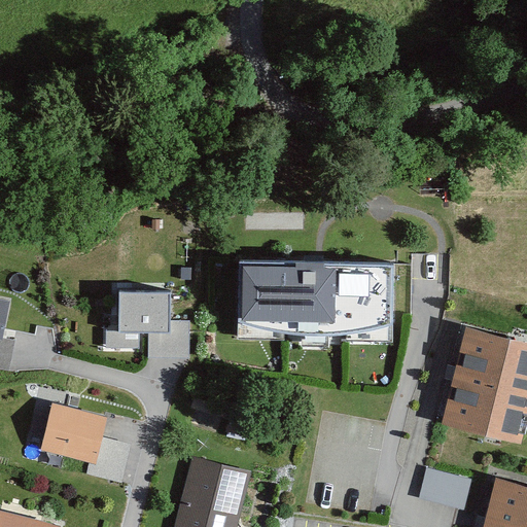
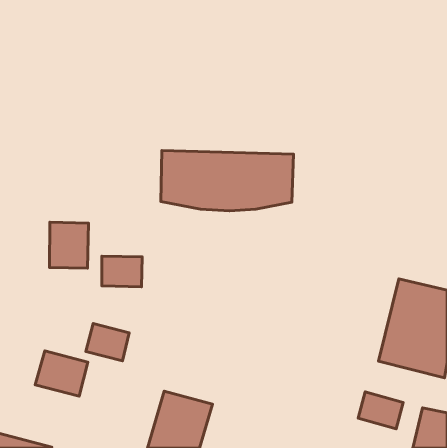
building: none -> [49,222,89,268]
building: [238,264,393,335] -> [161,150,294,211]
building: none -> [86,324,129,361]

